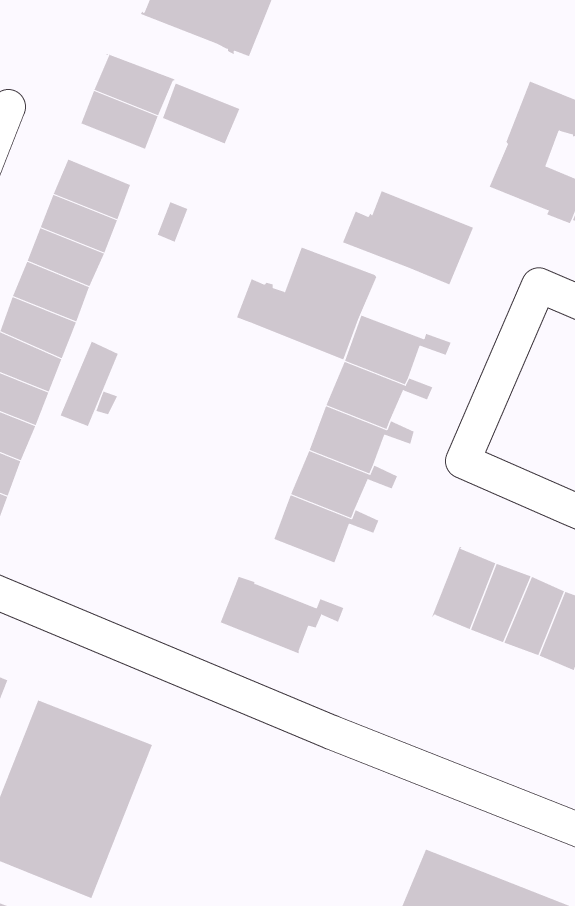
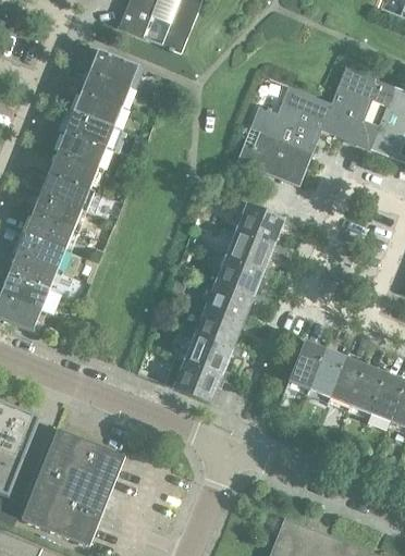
building: [162,83,240,144] -> [74,91,120,127]
building: [236,247,377,360] -> [249,86,332,152]
building: [60,341,118,427] -> none
building: none -> [184,335,247,375]

